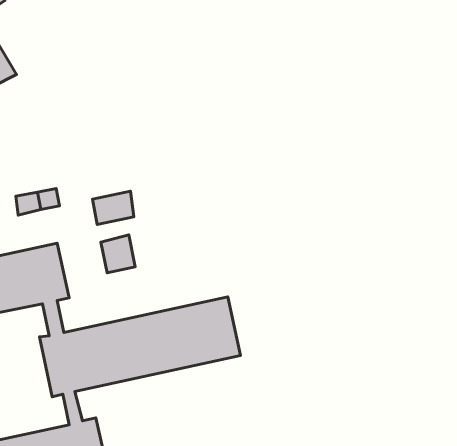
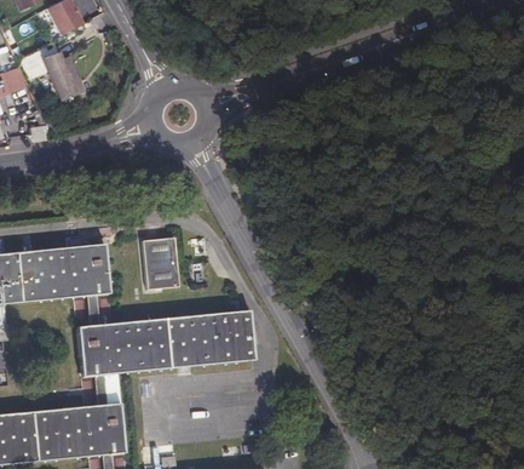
building: [92,191,134,224] -> none

